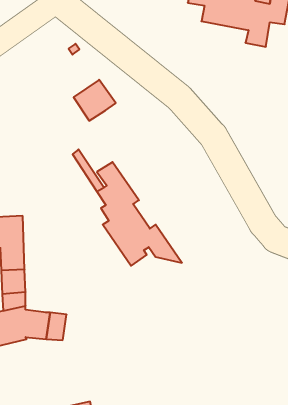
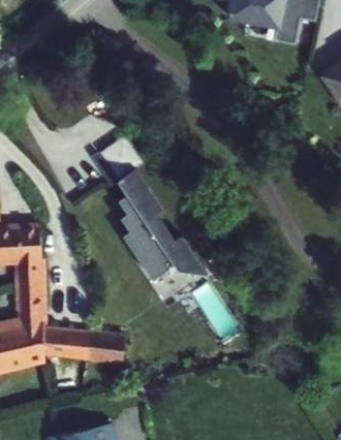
building: [74,80,116,121] -> [103,138,148,182]
building: none -> [84,333,127,365]

